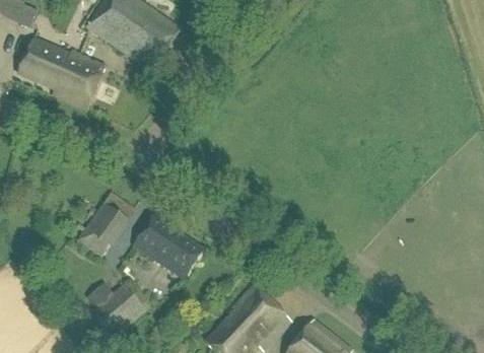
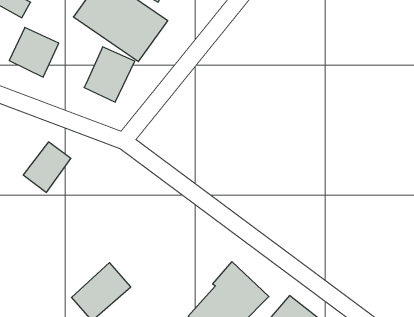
building: [52,51,105,109] -> [84,47,135,102]
building: [78,204,128,257] -> [23,142,71,192]
building: [135,211,204,277] -> none

